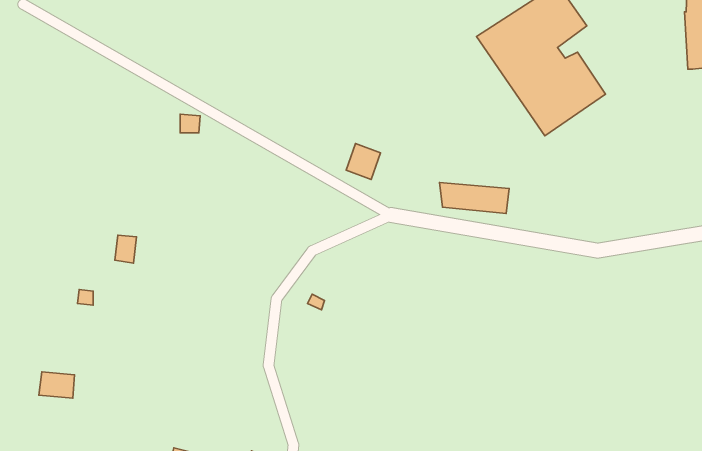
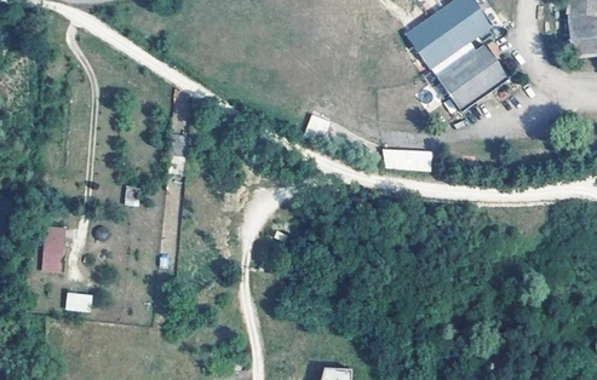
building: none -> [40,225,65,274]

